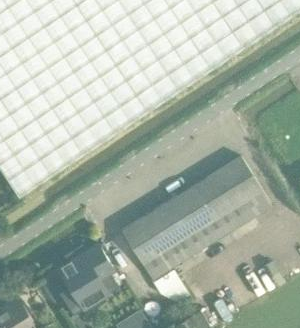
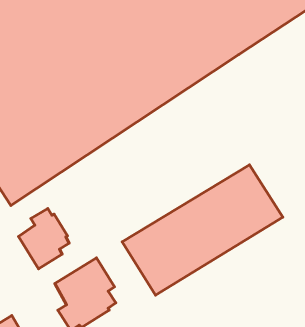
building: none -> [18,208,69,269]

